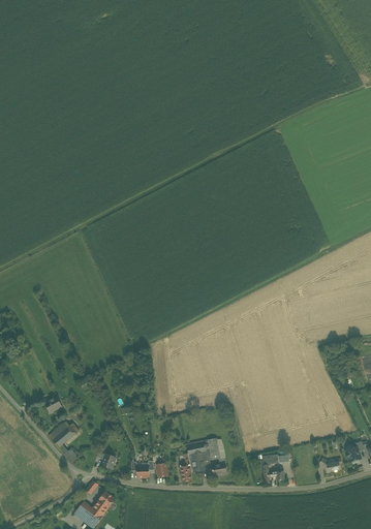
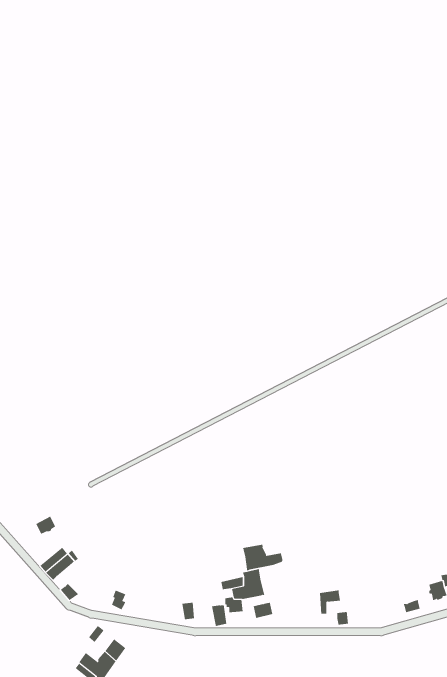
building: none -> [242,544,283,571]

